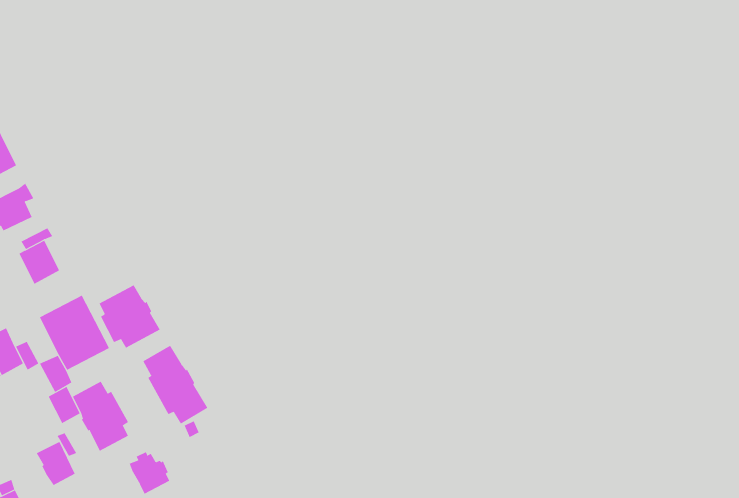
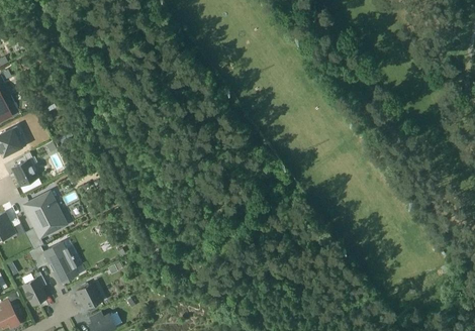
building: [99,285,161,348] -> none
building: [143,345,208,424] -> none

